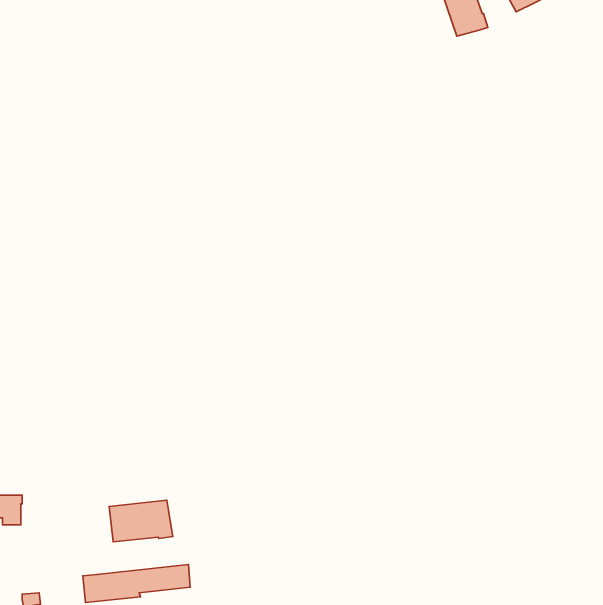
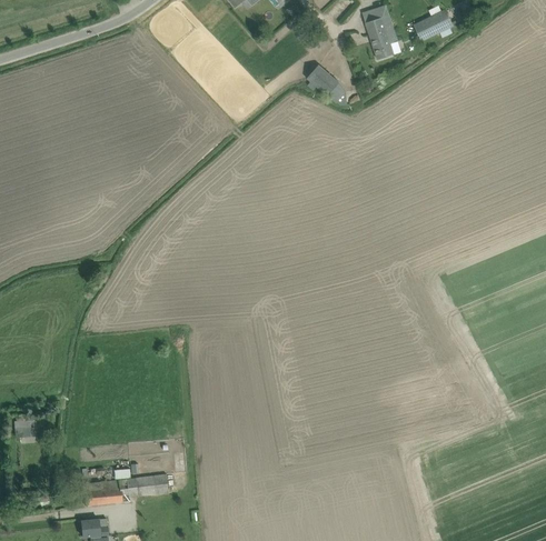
building: none -> [306,64,338,96]
building: [109,500,173,542] -> none

